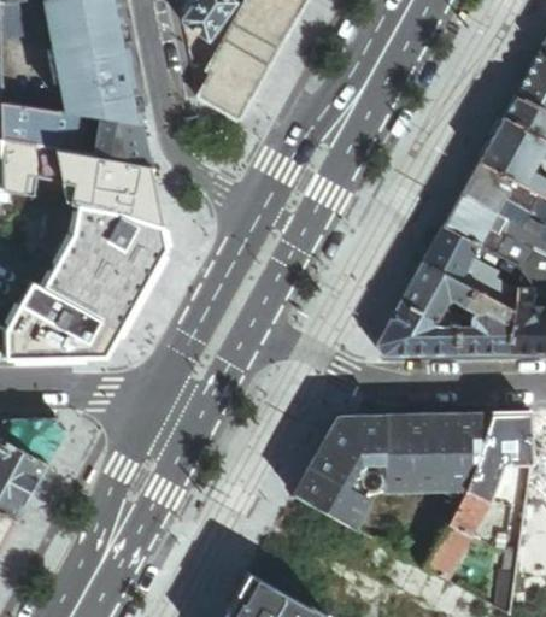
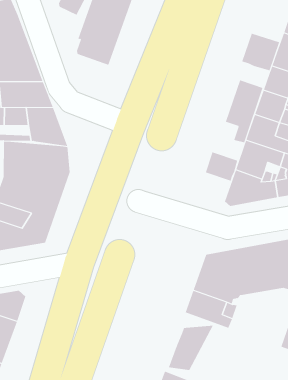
building: none -> [242,33,280,71]
building: none -> [225,80,263,143]
building: none -> [205,151,238,182]
building: none -> [168,325,214,371]

